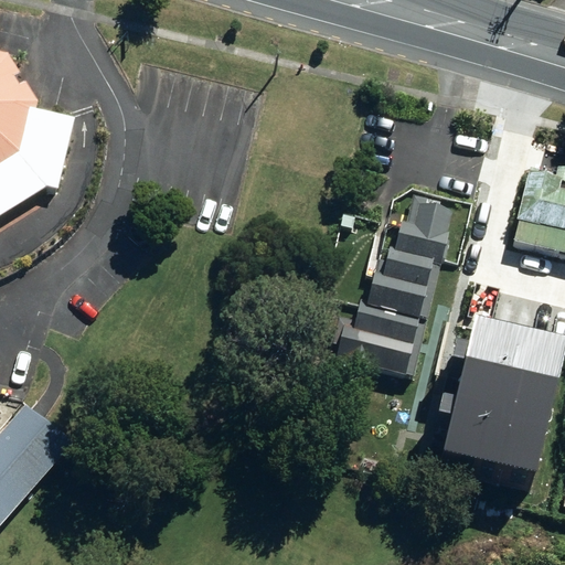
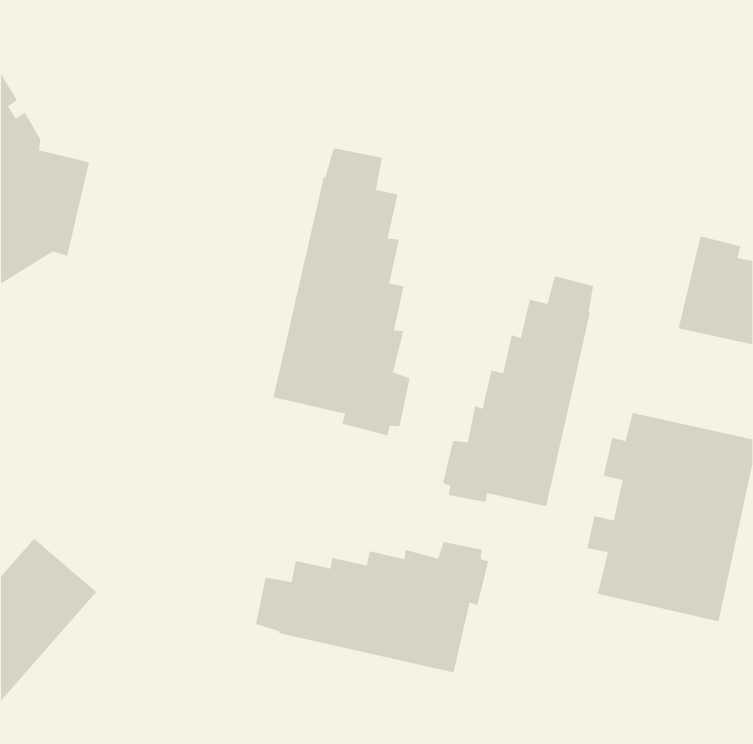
building: none -> [273,147,410,436]
building: none -> [256,541,489,673]

